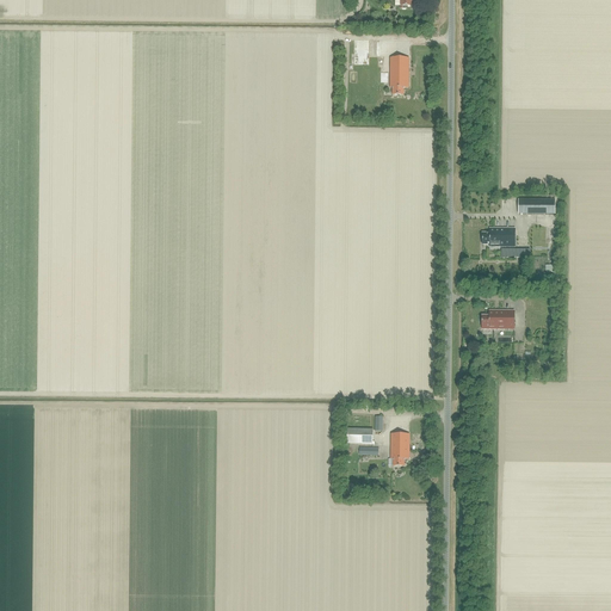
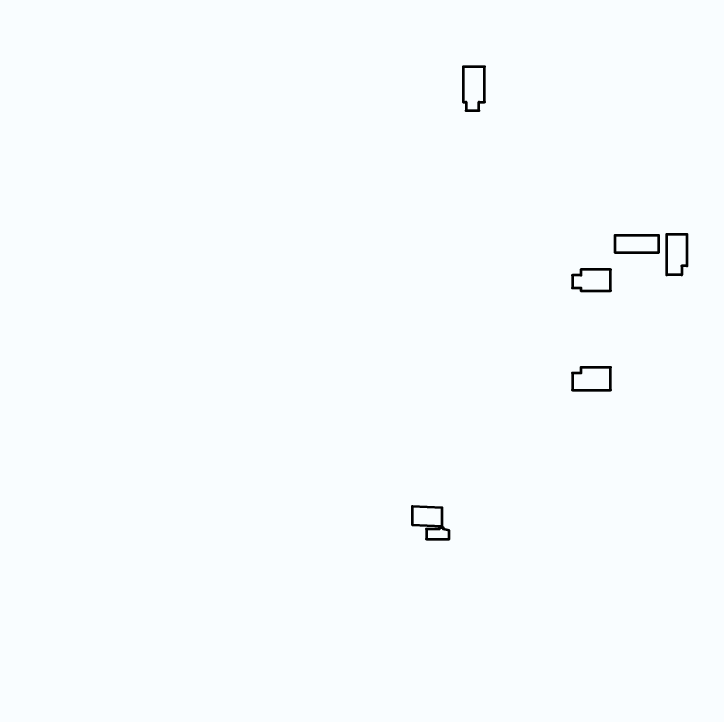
building: none -> [667,234,687,275]
building: [391,432,409,464] -> none

